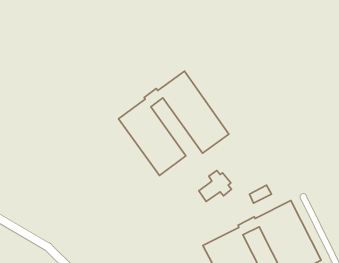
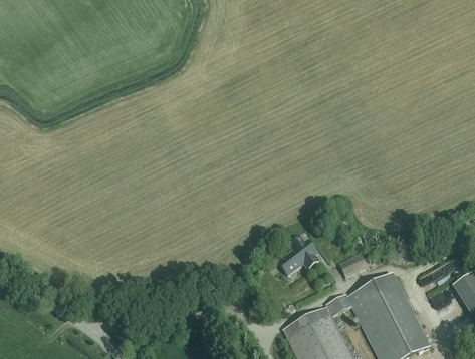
building: [119,71,229,175] -> none

